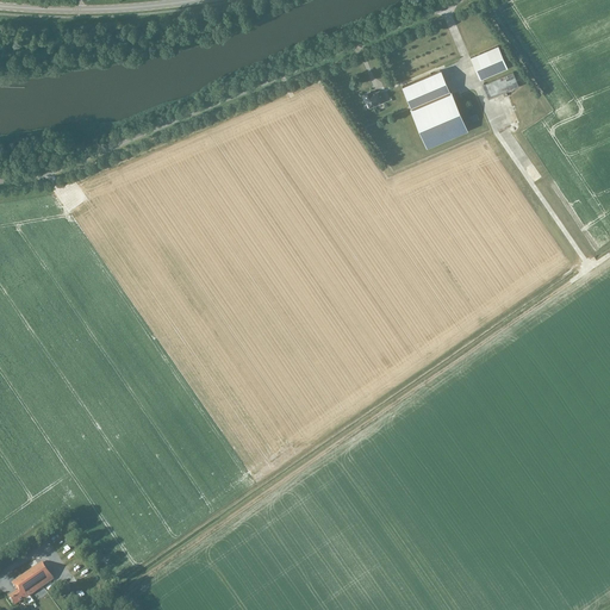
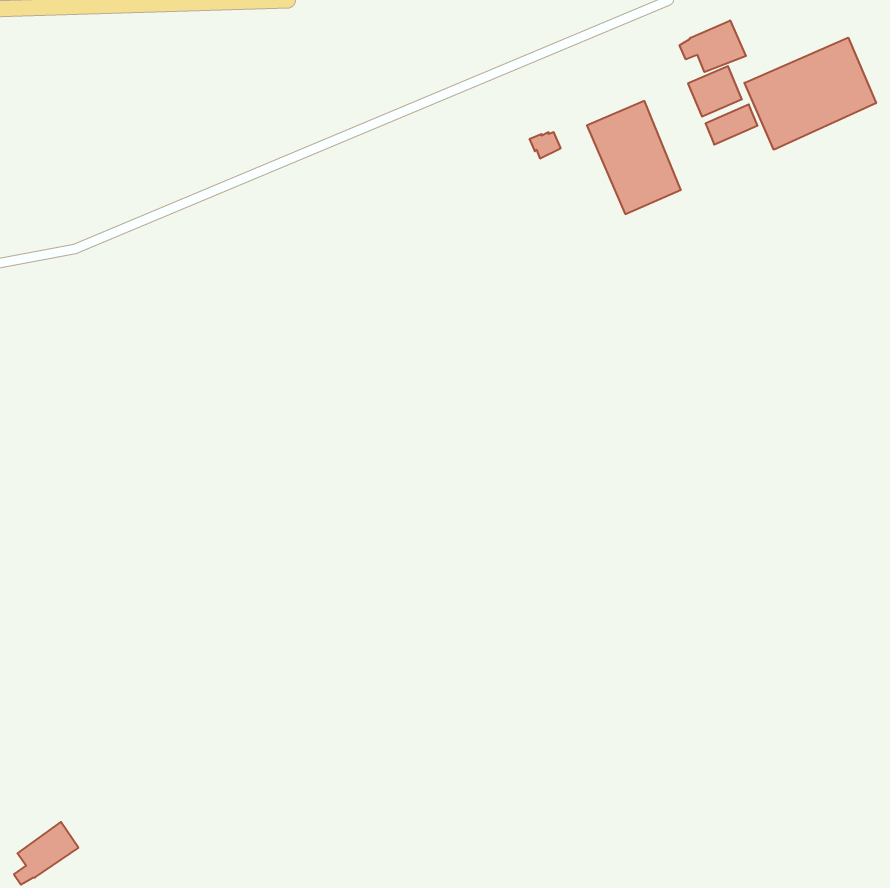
building: none -> [680,20,746,72]
building: none -> [744,38,876,150]

